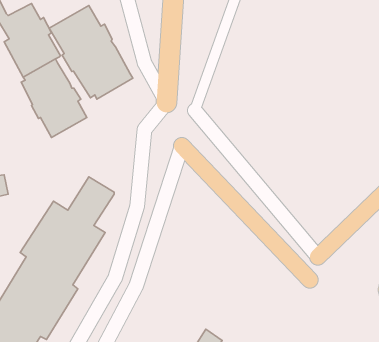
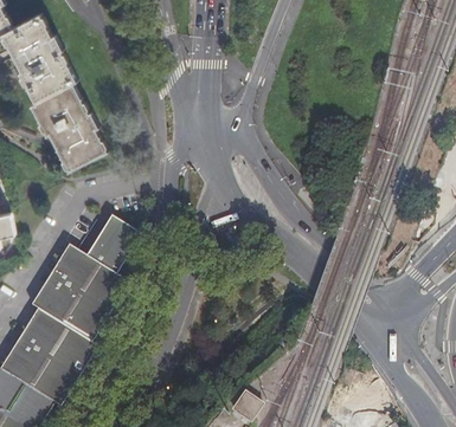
building: [49,6,133,99] -> none

